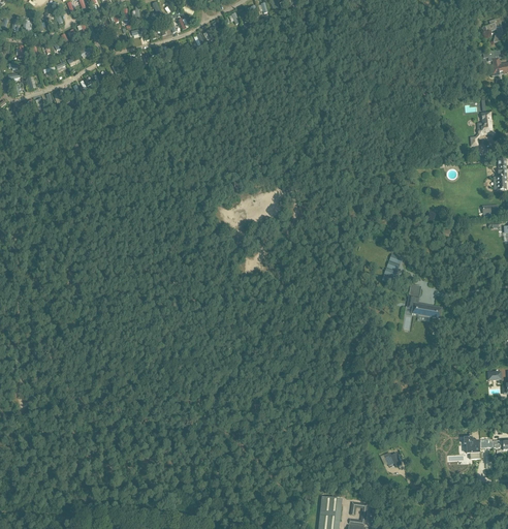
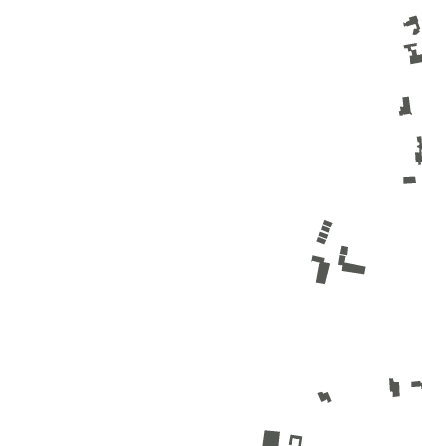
building: none -> [311,254,331,285]

